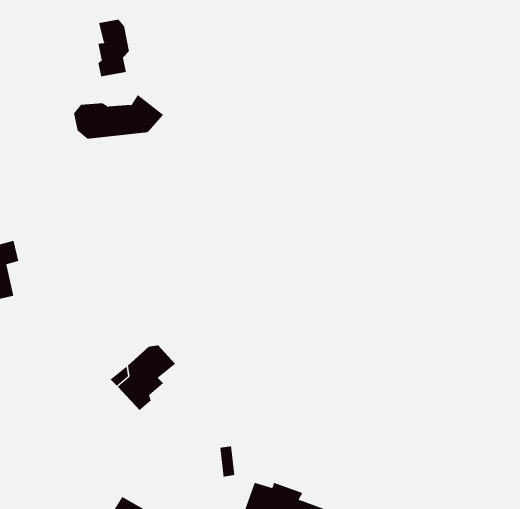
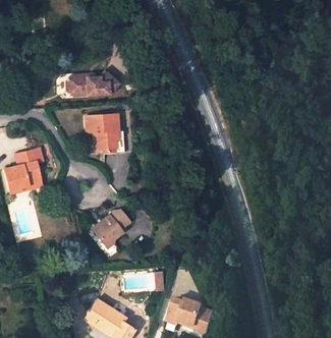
building: [98,19,129,77] -> none
building: none -> [82,107,123,149]

